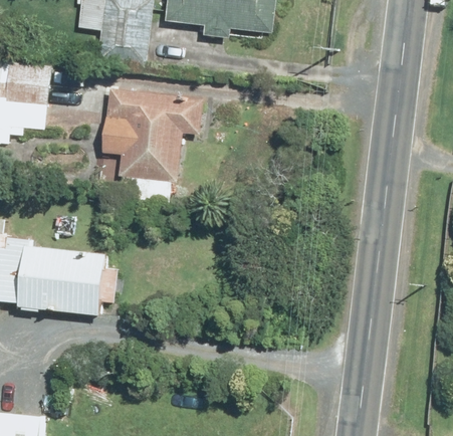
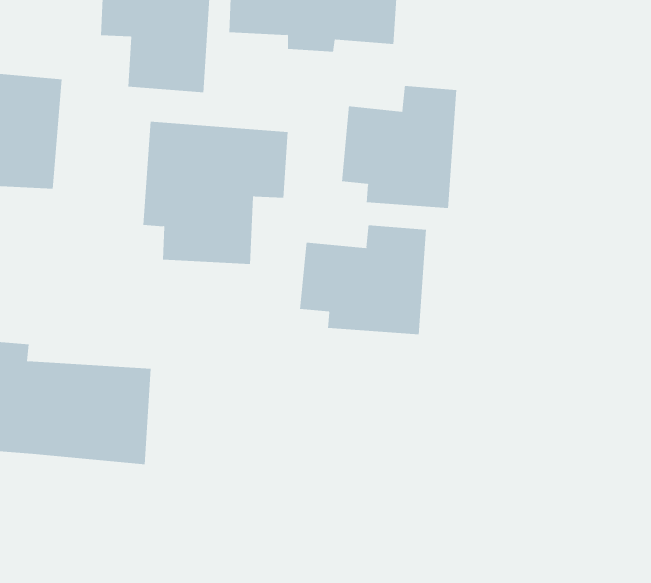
building: none -> [342,85,457,209]
building: none -> [300,225,427,335]

